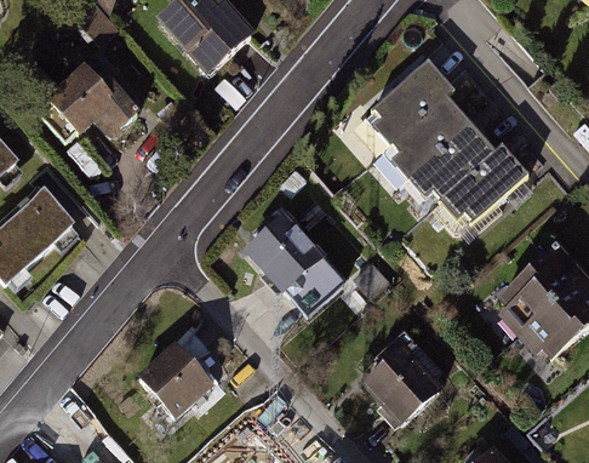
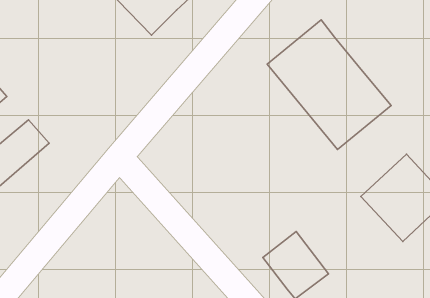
building: [41,57,143,143] -> none
building: [246,215,348,325] -> none
building: [132,338,215,421] -> none

